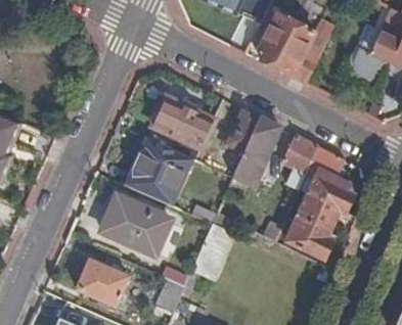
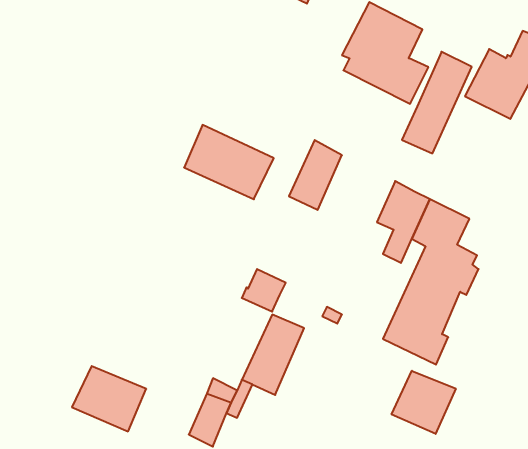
building: [233,117,280,185] -> [402,52,472,153]
building: [129,137,191,202] -> none
building: [102,195,170,252] -> none
building: none -> [392,371,456,434]

